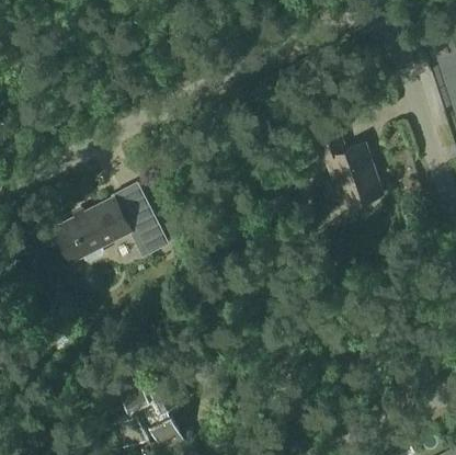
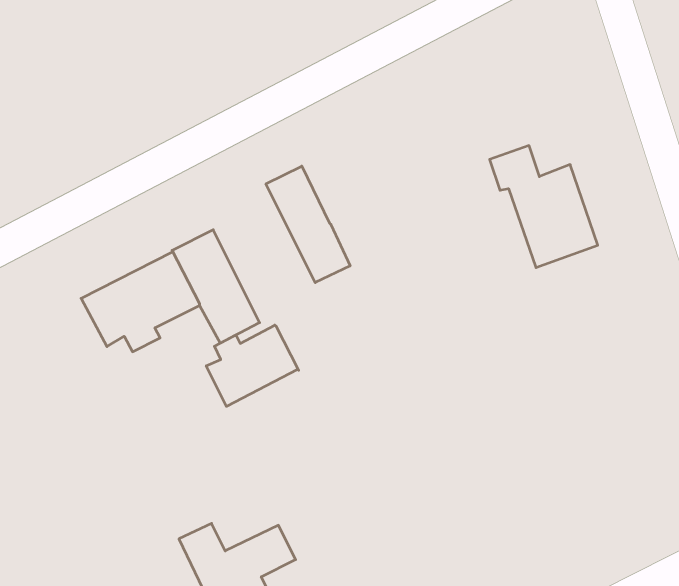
building: none -> [266,166,350,283]
building: none -> [206,325,299,406]

